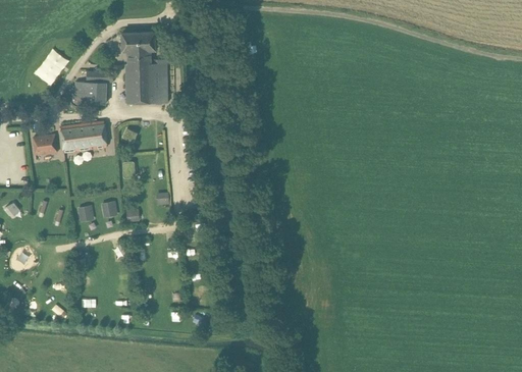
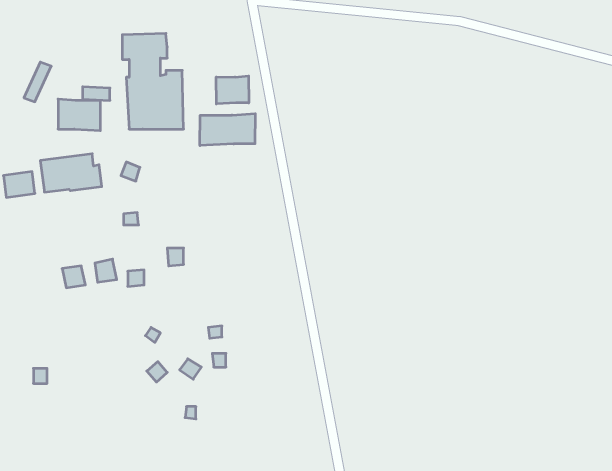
building: none -> [216,76,249,104]
building: none -> [200,114,255,146]

